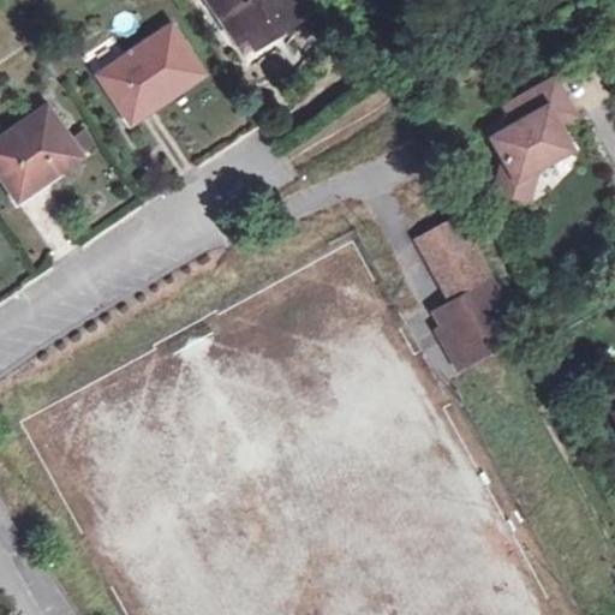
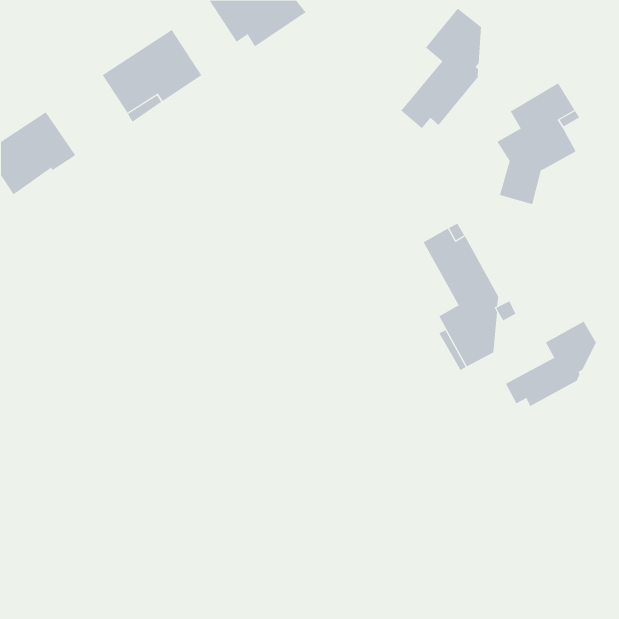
building: none -> [400,8,481,129]
building: none -> [505,321,596,407]

